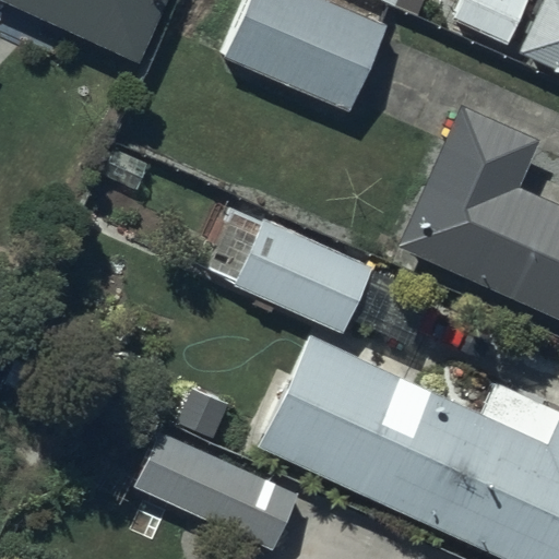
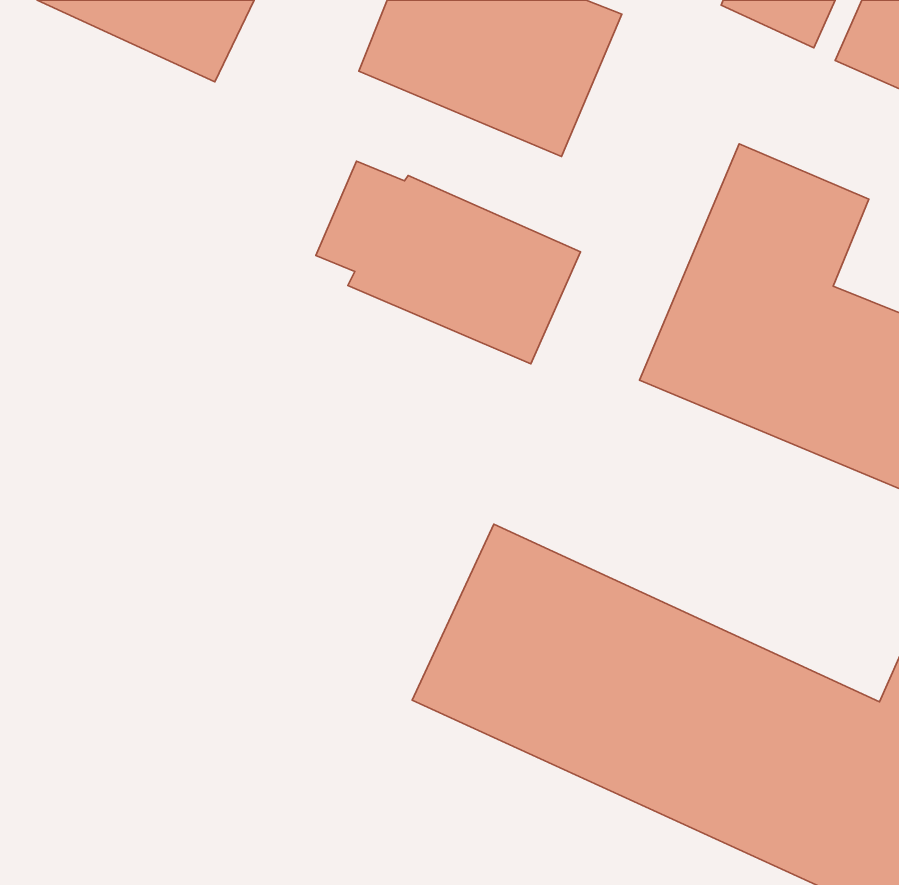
building: [212,211,374,335] -> [316,161,580,364]
building: [135,430,298,551] -> none

